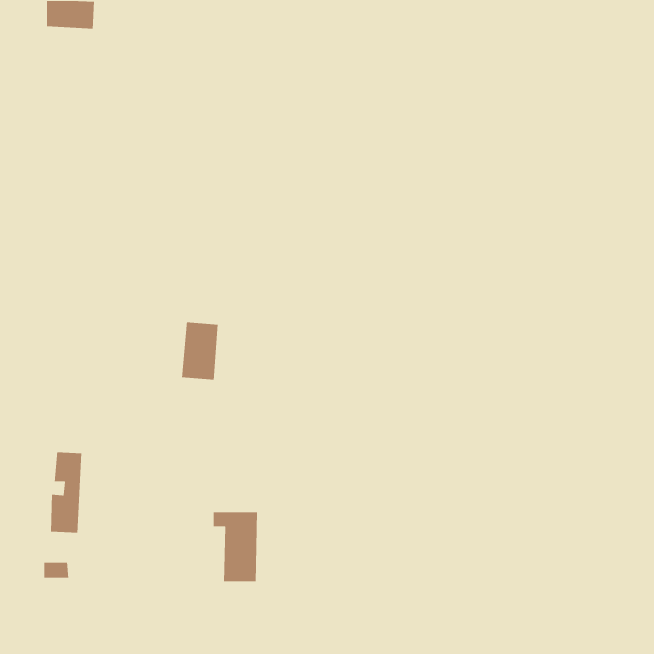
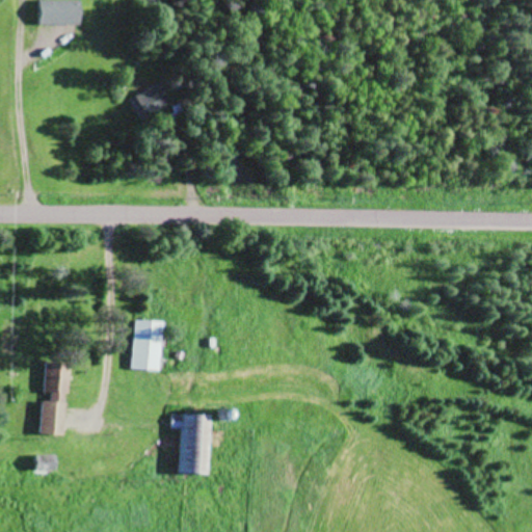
building: none -> [135,84,166,115]
building: [181,321,218,380] -> [132,321,162,369]

